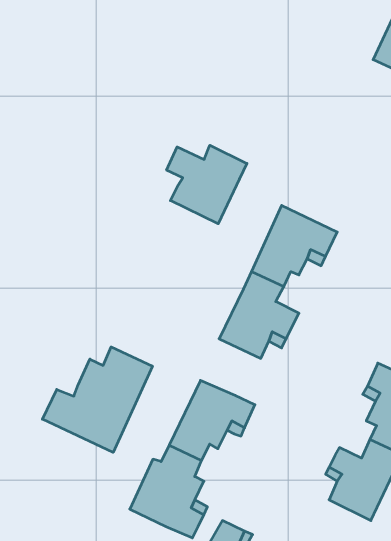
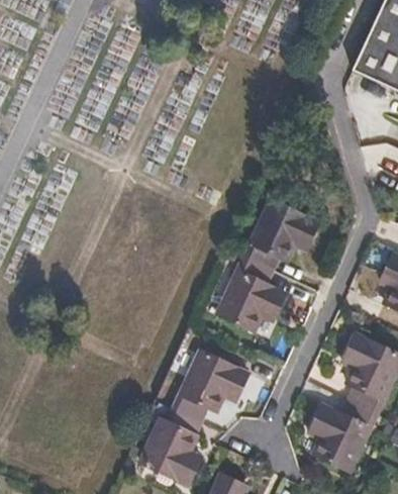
building: [167,145,247,224] -> none
building: [42,347,152,452] -> none

